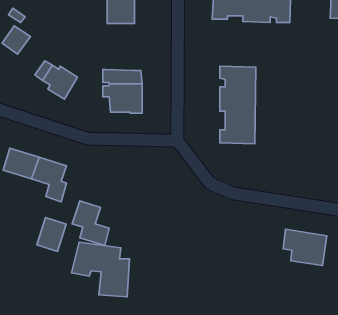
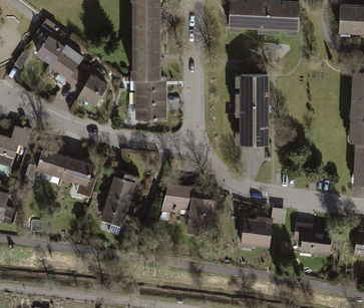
building: none -> [130,34,157,77]
building: none -> [49,44,80,76]
building: none -> [241,209,286,251]
building: [37,217,66,251] -> [107,172,134,203]
building: [72,242,129,297] -> [163,185,217,235]

